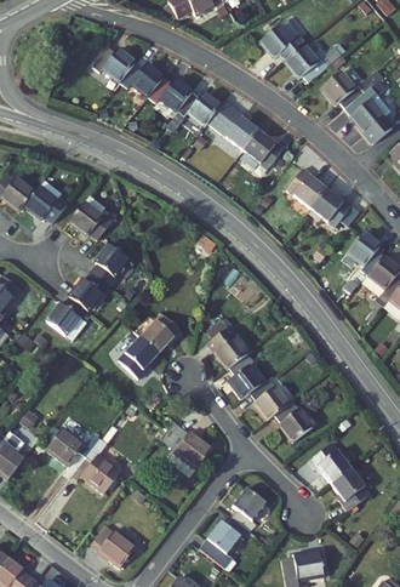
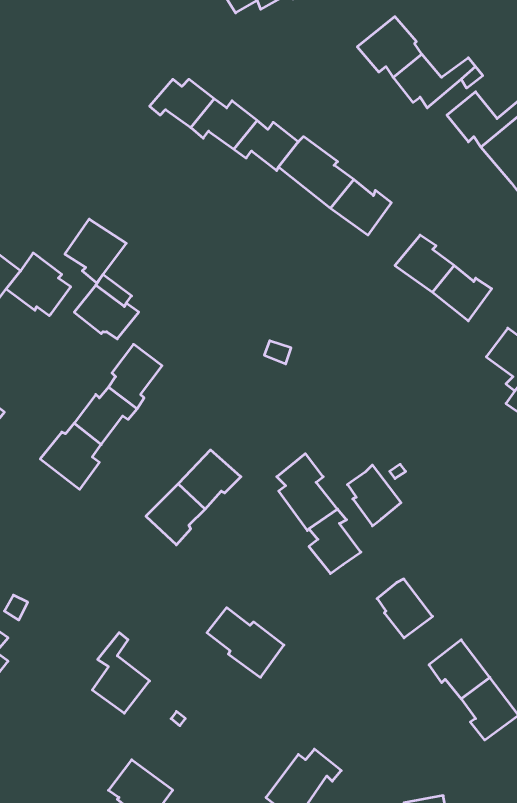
building: [92,46,136,80] -> none
building: none -> [65,219,126,283]
building: [251,377,287,418] -> [347,465,401,526]
building: [45,426,99,465] -> none
building: [232,486,265,530] -> none

